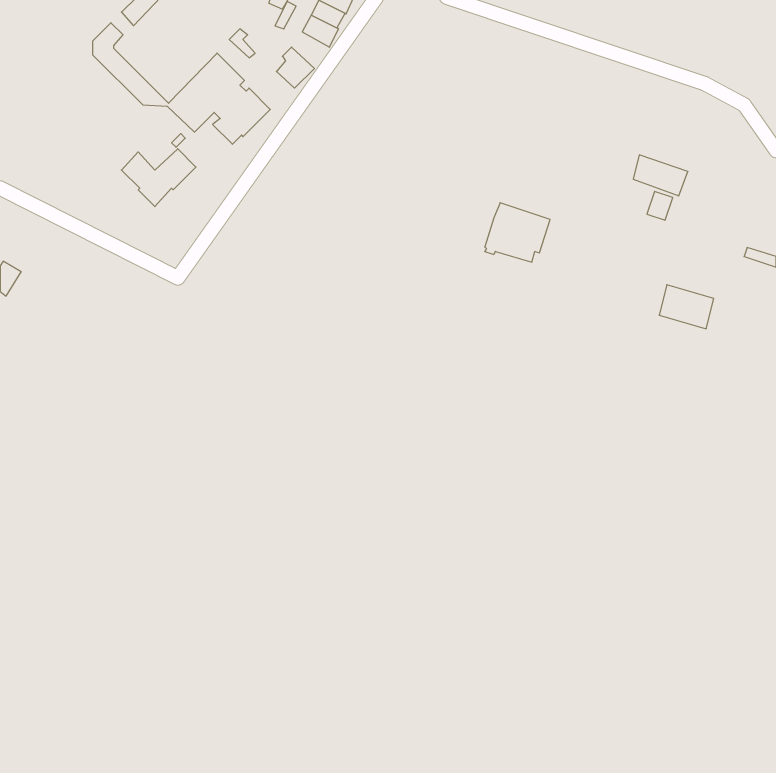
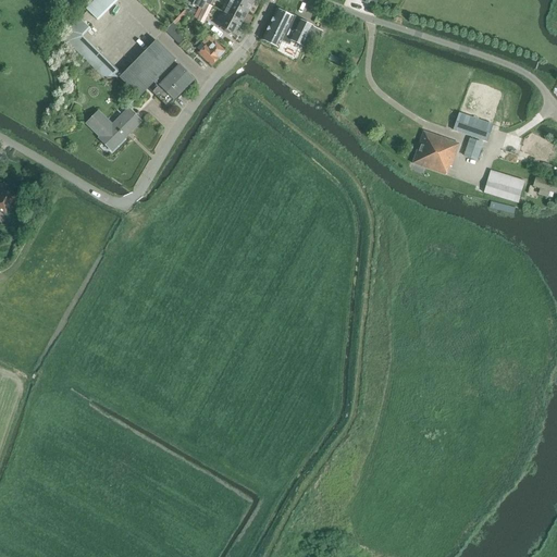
building: none -> [262,8,319,46]
building: [485,203,550,262] -> [412,129,459,172]
building: [659,285,714,329] -> [484,169,523,200]

